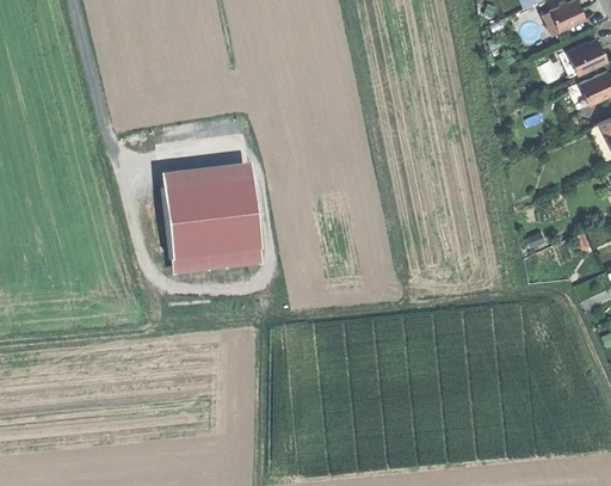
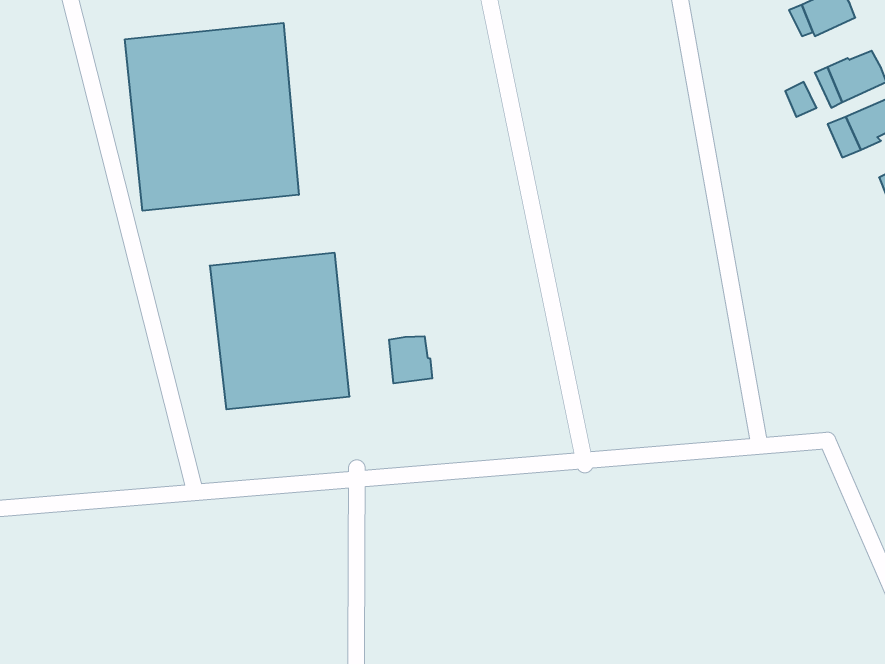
building: none -> [125,23,299,211]
building: none -> [389,336,432,383]

